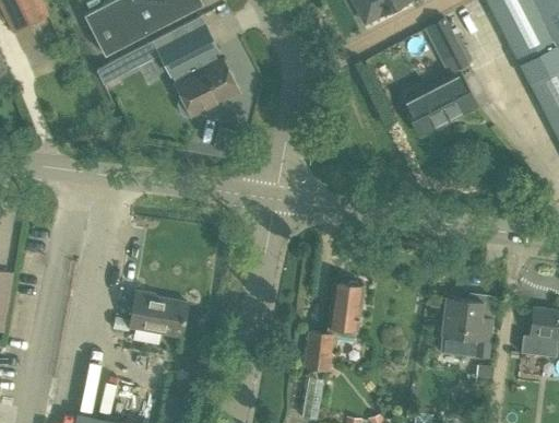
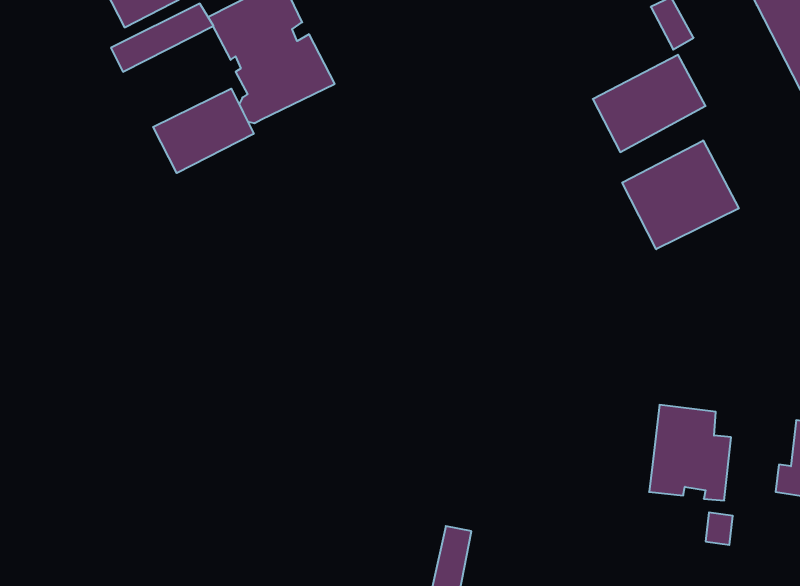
building: none -> [153,89,254,173]
building: none -> [622,140,739,249]
building: [306,282,364,372] -> none
building: [130,292,189,334] -> none

